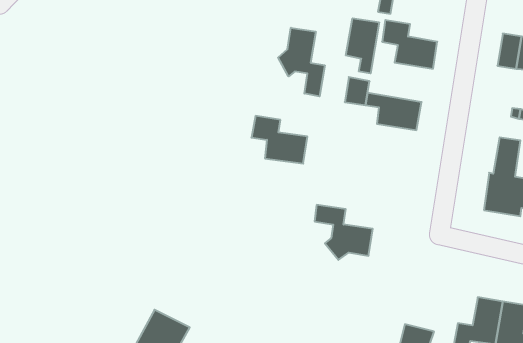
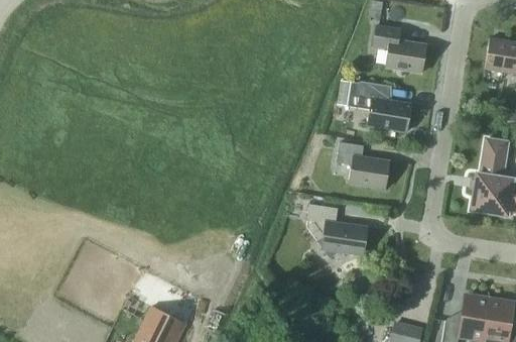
building: [346,18,379,73] -> none
building: [278,28,325,96] -> none
building: [251,116,307,164] -> [336,142,390,189]

